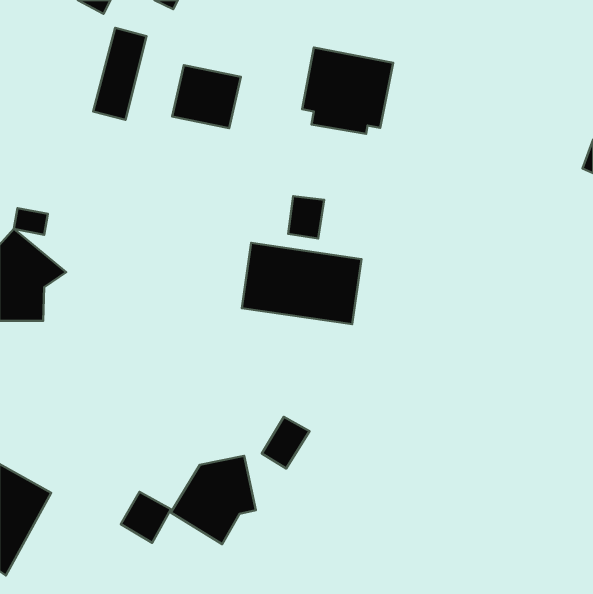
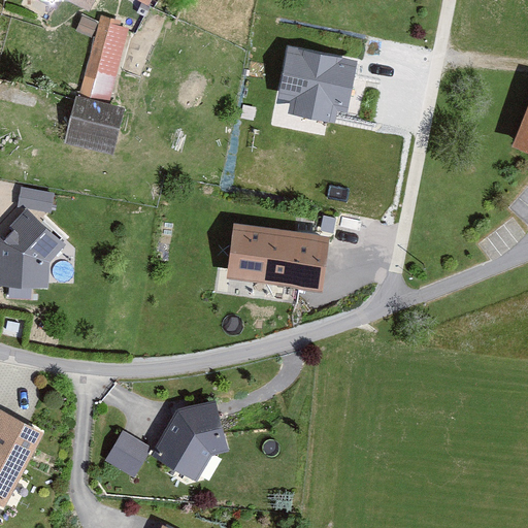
building: [172,65,241,128] -> [66,103,127,159]
building: [288,196,324,238] -> none
building: [262,417,309,469] -> none

